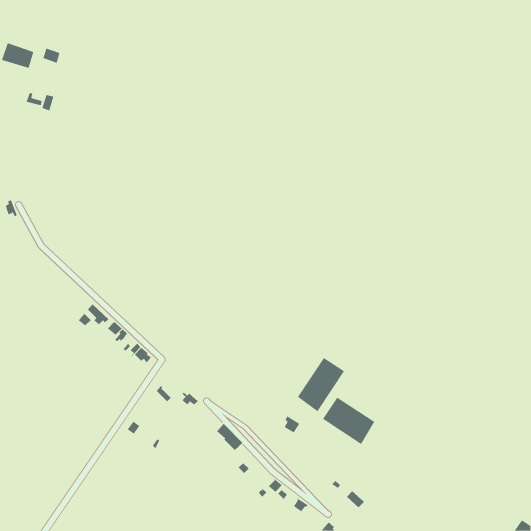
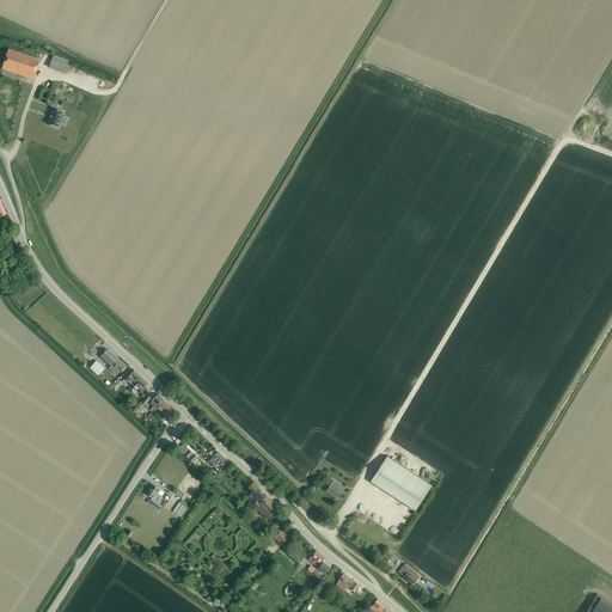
building: [297,357,345,412] -> none

